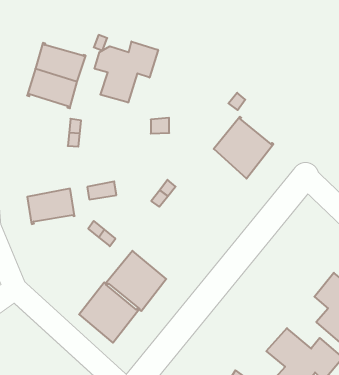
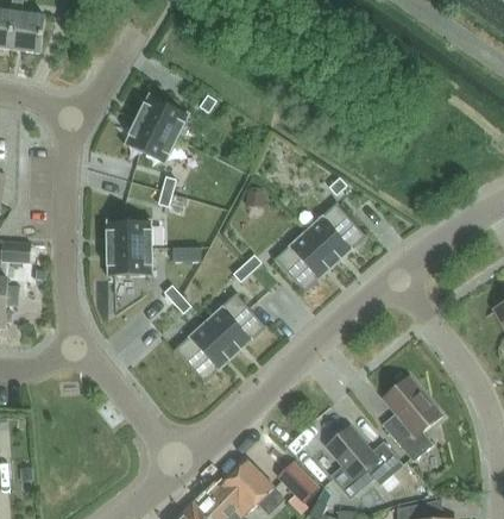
building: [95,41,158,103] -> none
building: none -> [272,230,333,293]
building: none -> [105,218,151,248]
building: [79,282,139,343] -> [204,292,266,355]

